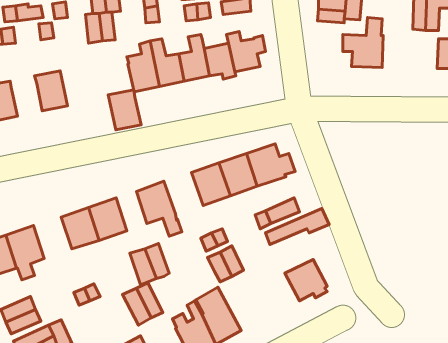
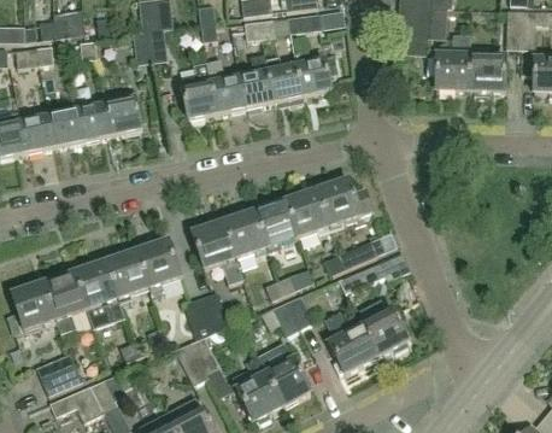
building: none -> [471,54,506,95]
building: none -> [49,109,84,146]
building: [108,90,141,130] -> [105,88,142,134]
building: none -> [223,210,268,257]
building: none -> [75,261,124,327]
building: none -> [327,311,377,373]

